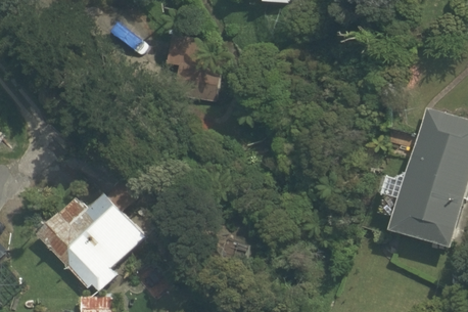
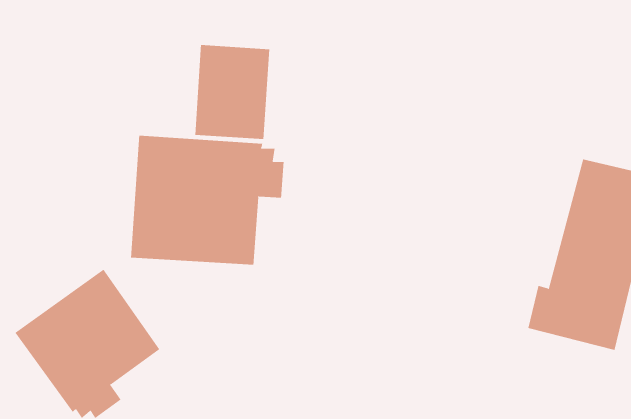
building: none -> [131,135,284,265]

